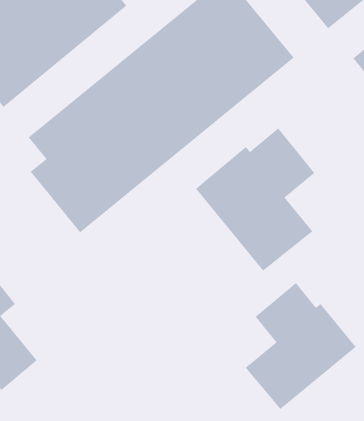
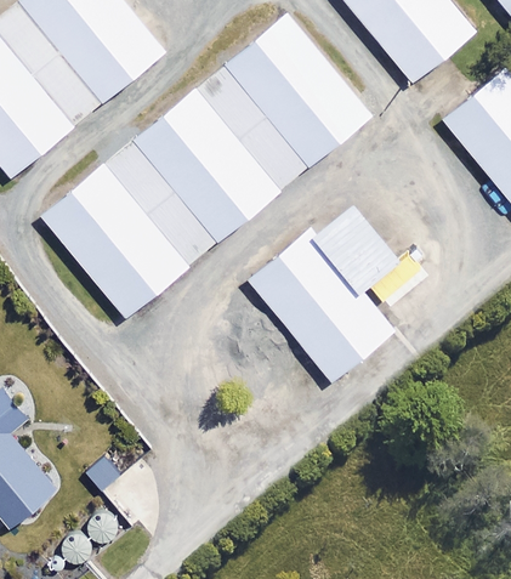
building: [245,282,356,410] -> none

